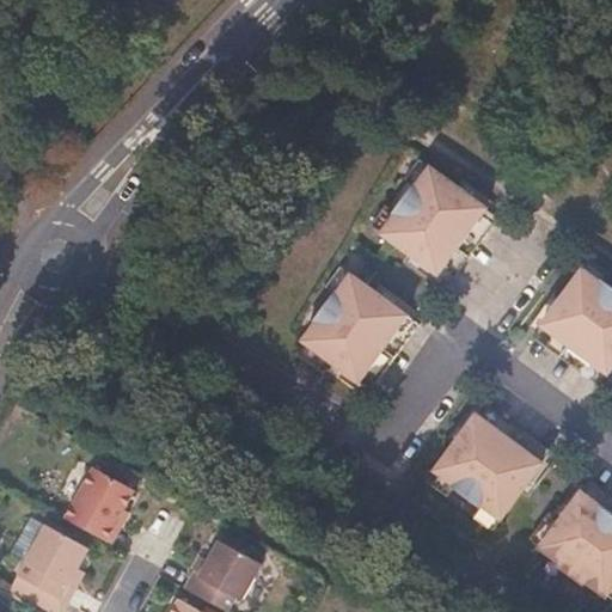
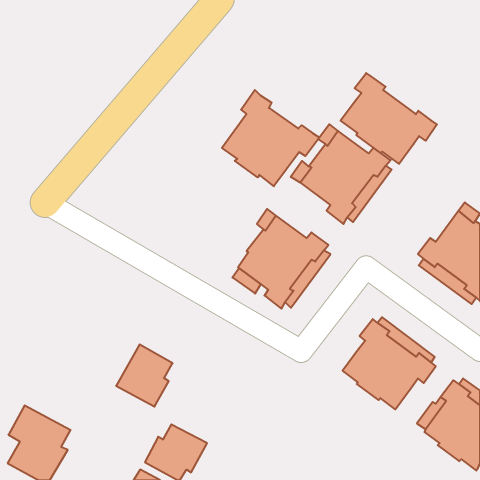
building: none -> [341,73,437,164]
building: none -> [222,90,319,186]
building: [63,465,135,544] -> [116,344,173,407]

